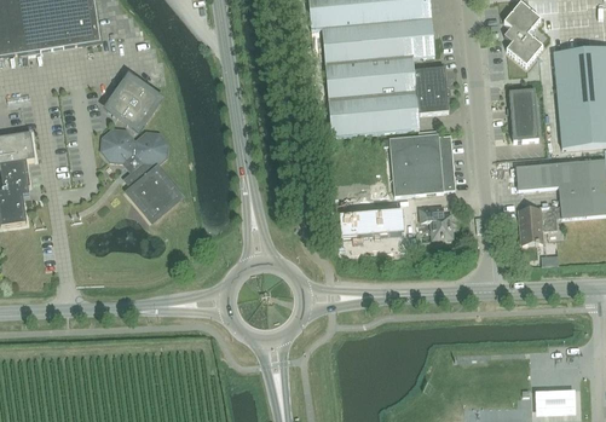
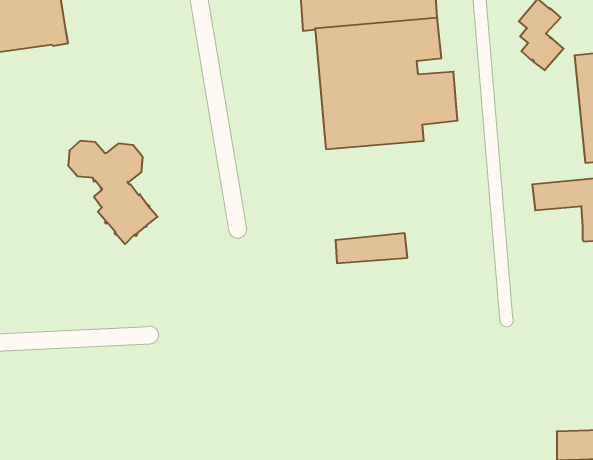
building: [105,76,160,131] -> none
building: [508,89,537,141] -> none
building: [388,133,454,196] -> none
building: [518,202,559,243] -> none
building: [419,206,451,238] -> none

